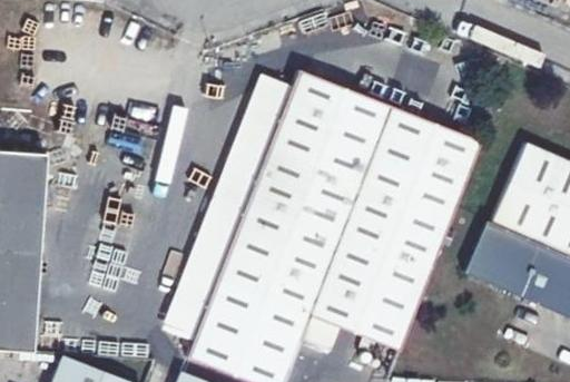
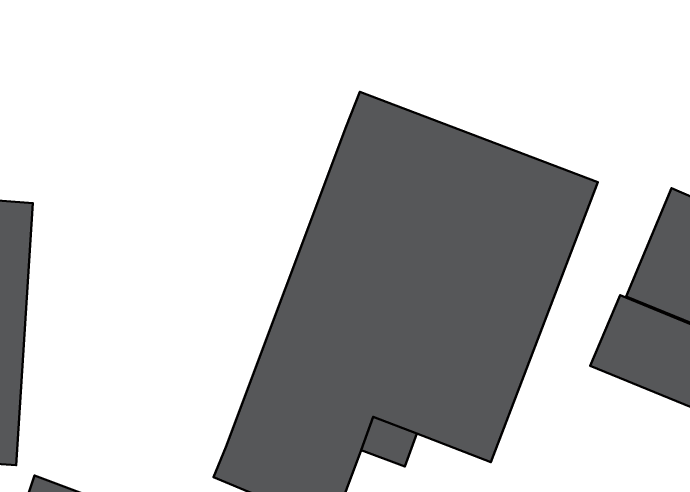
building: [167,88,283,335] -> none

